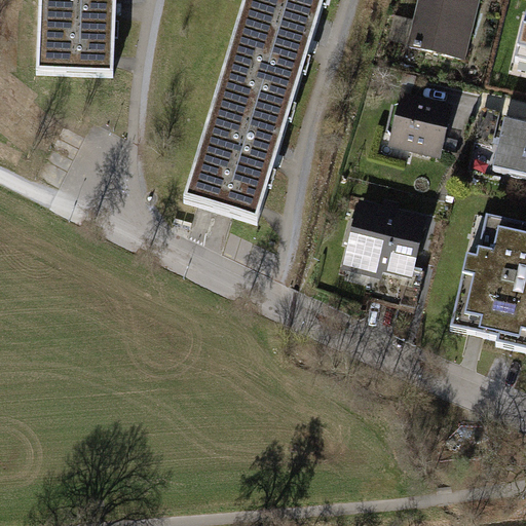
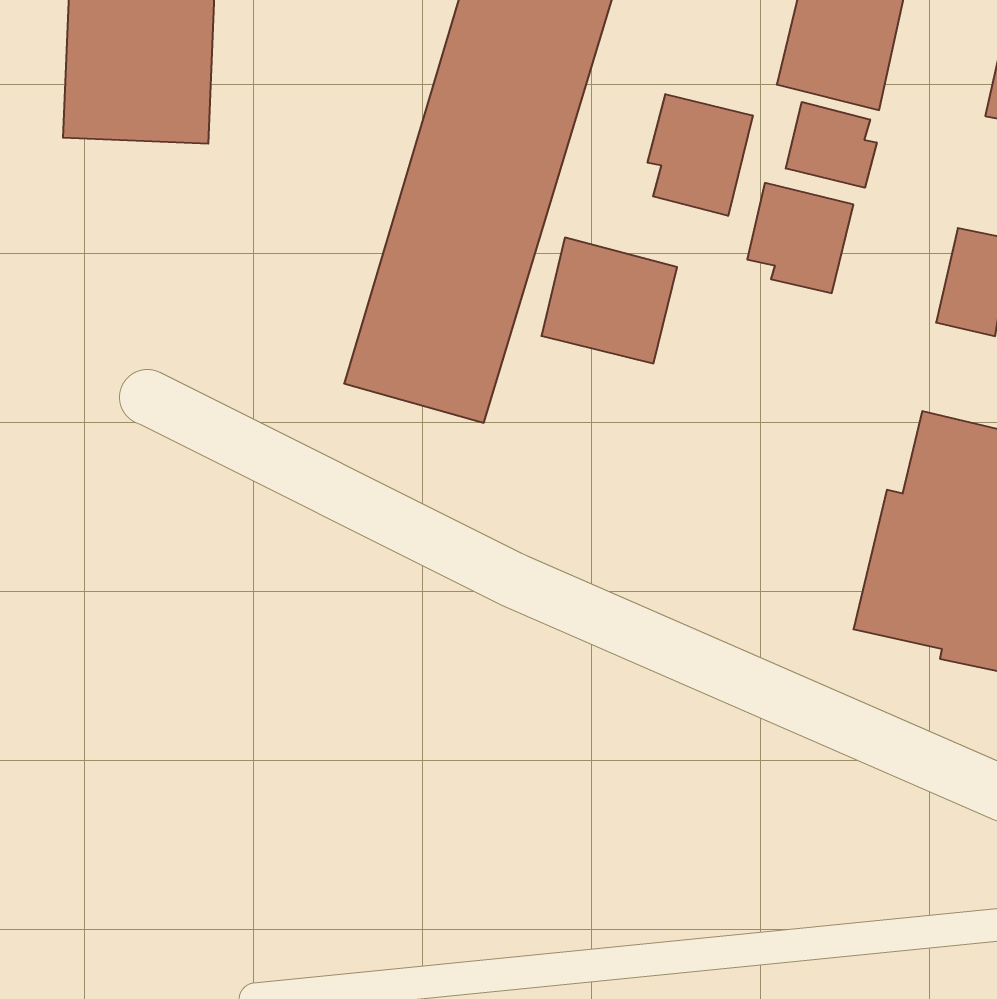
building: none -> [648,94,753,216]
building: none -> [786,102,877,188]
building: [350,205,421,271] -> [541,238,677,363]

